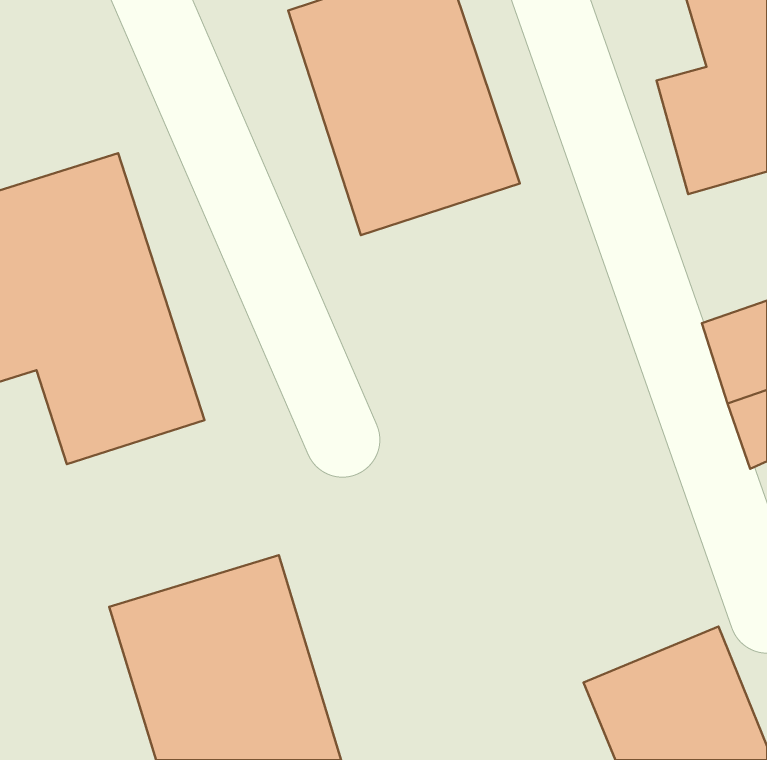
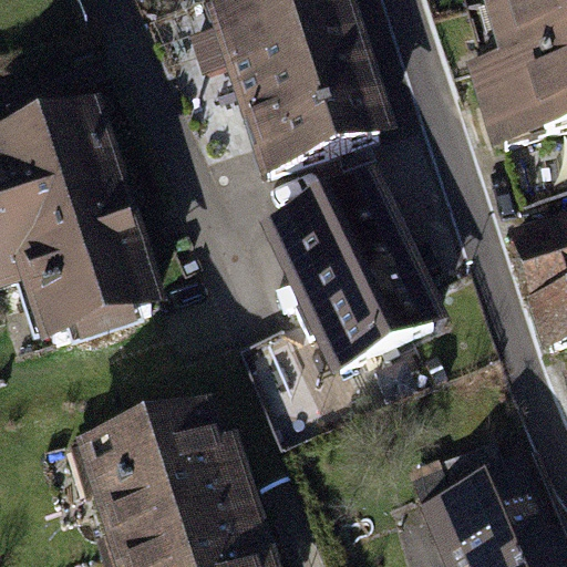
building: none -> [262,178,434,370]

